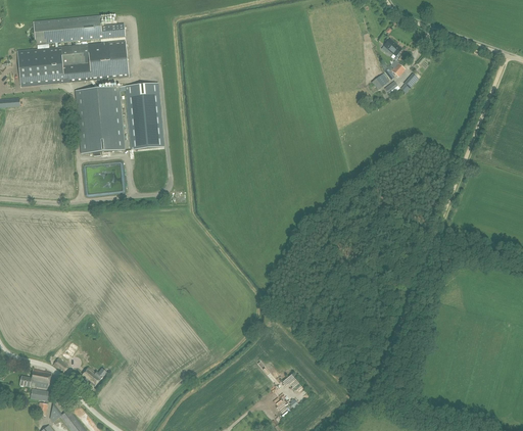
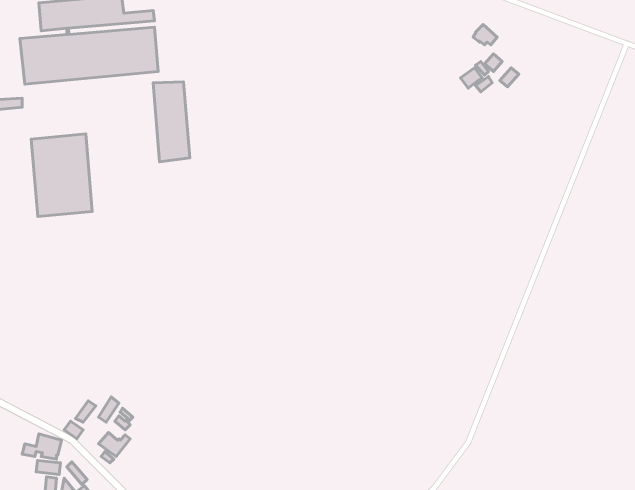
building: [76,86,125,152] -> [31,134,92,217]

